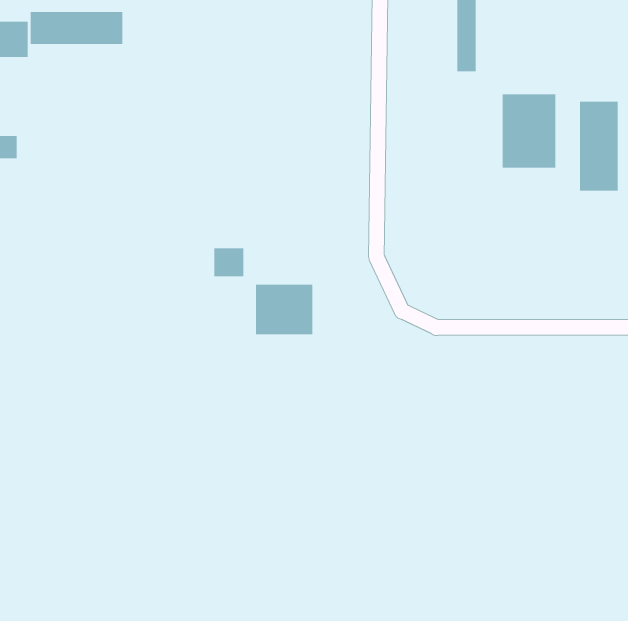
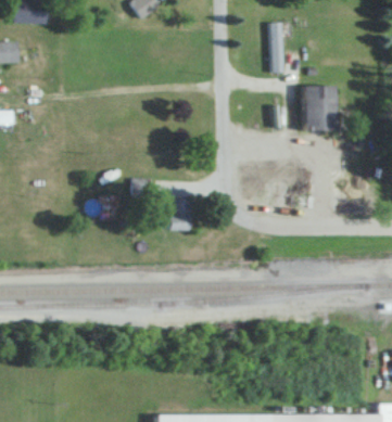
building: [30,11,123,45] -> none
building: [579,101,618,191] -> none

